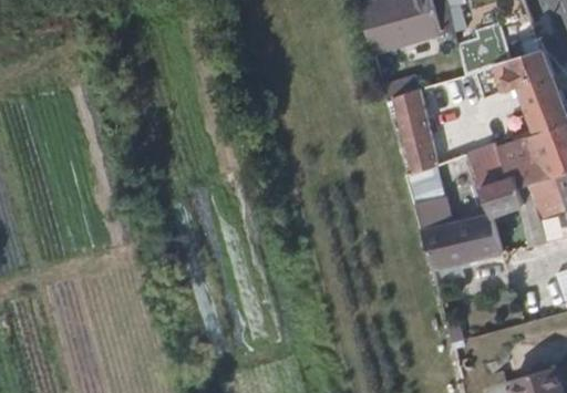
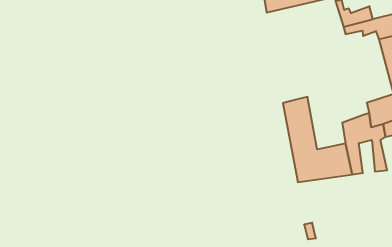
building: [392,86,442,168] -> none
building: [466,141,504,188] -> none

